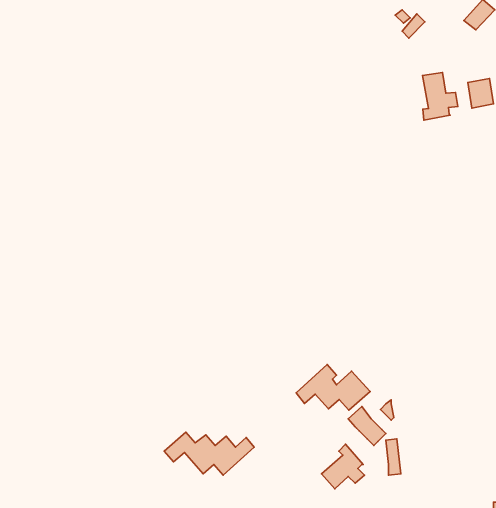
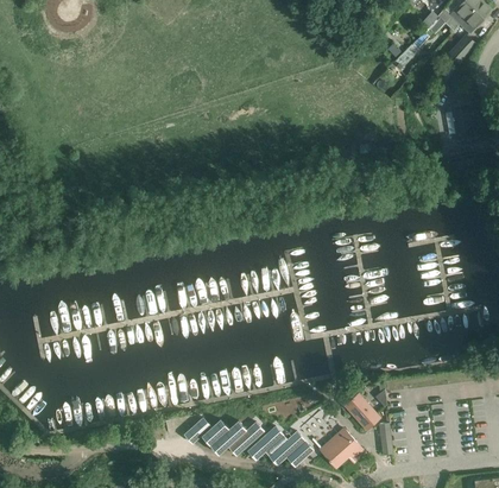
building: [423,72,458,120] -> none
building: [296,365,370,410] -> [247,425,312,465]

